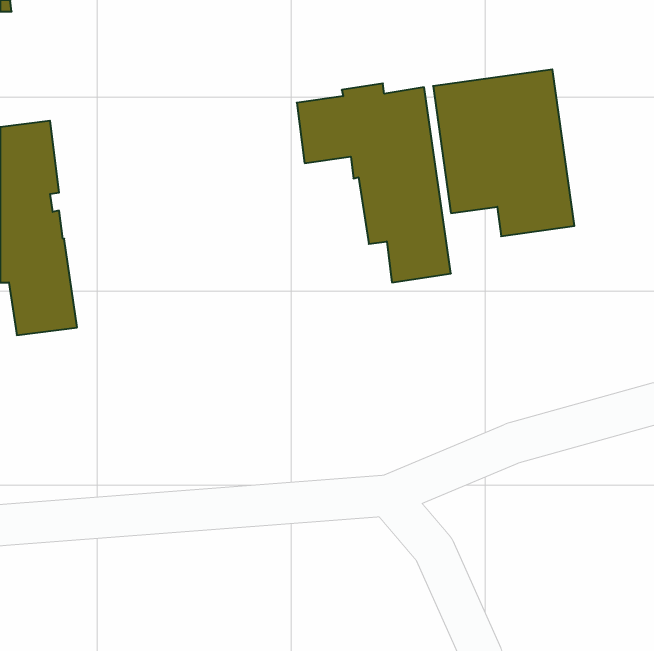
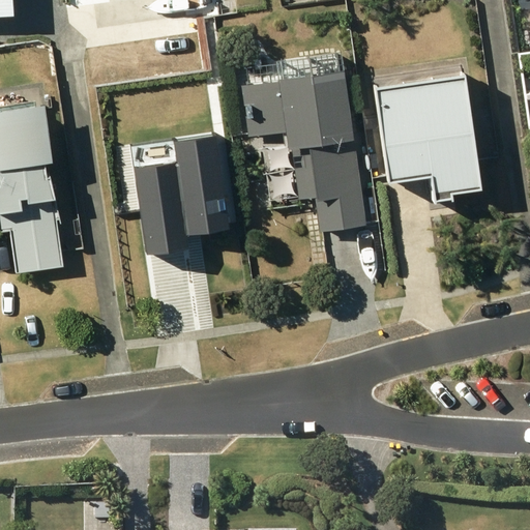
building: none -> [136,137,235,255]

